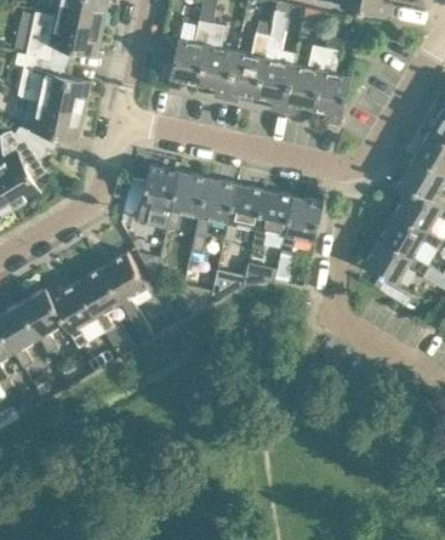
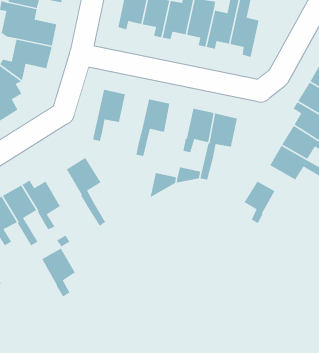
building: [166,171,207,229] -> none
building: [223,183,264,241] -> none
building: [75,268,120,332] -> [41,248,76,298]
building: none -> [244,180,276,224]

